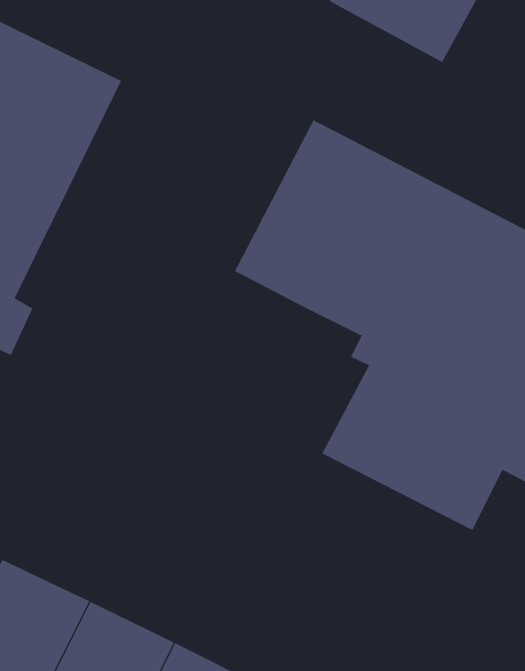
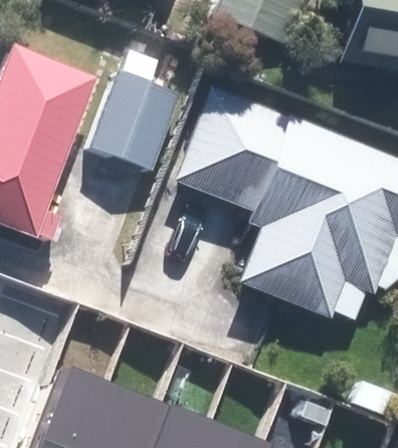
building: none -> [88,68,181,172]

